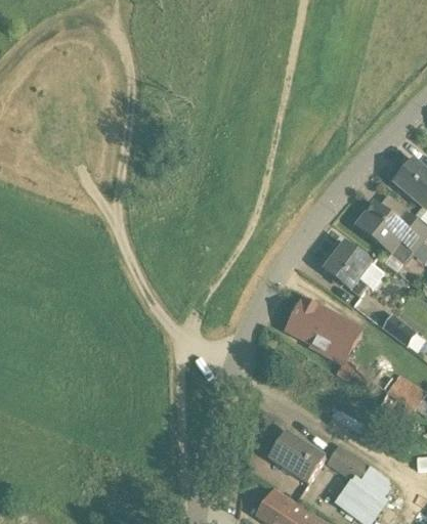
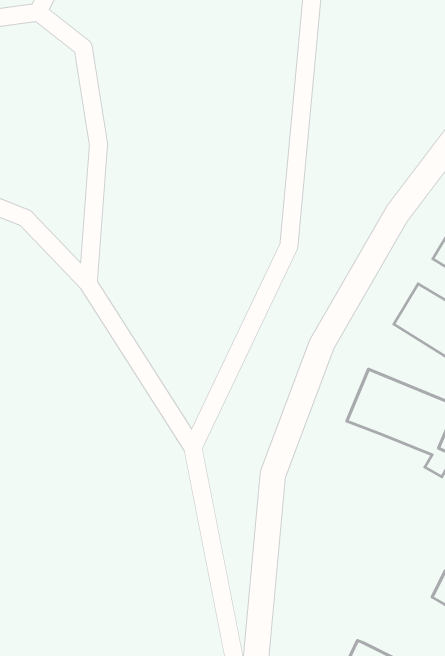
building: [269,431,326,482] -> none

